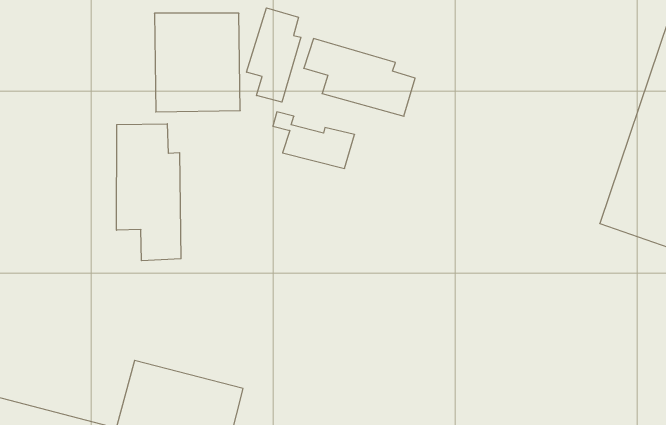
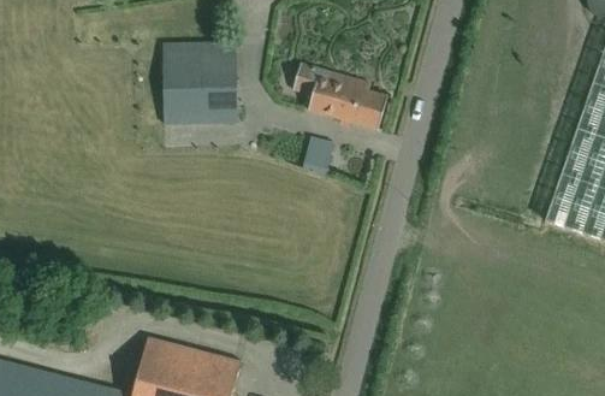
building: [247,8,301,102] -> none
building: [117,124,181,261] -> none

